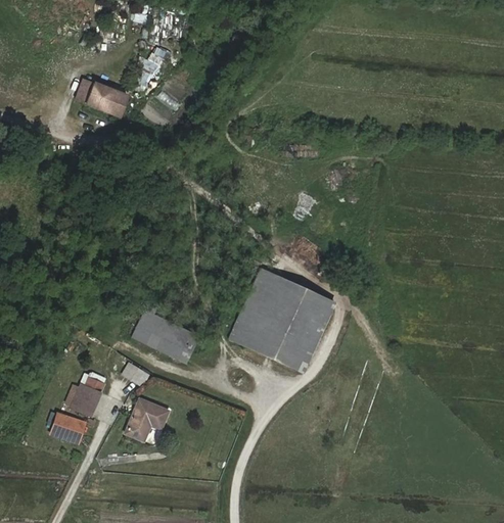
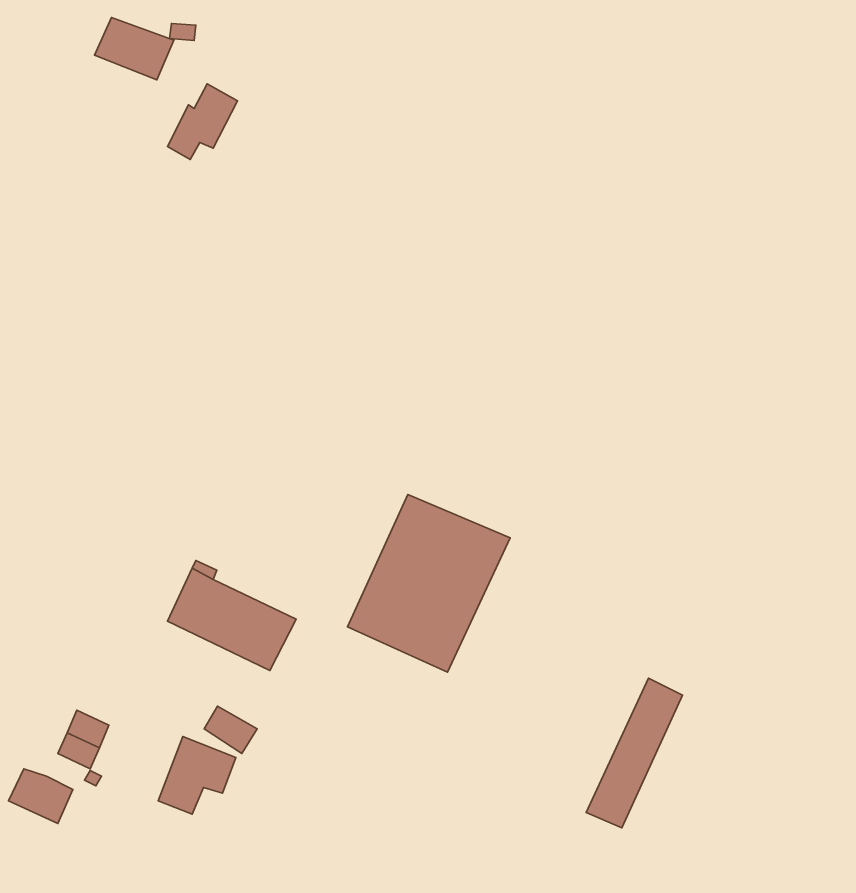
building: [85,82,128,115] -> [94,17,174,80]
building: [282,291,334,372] -> [586,678,683,828]
building: [119,362,147,387] -> [204,706,257,753]

